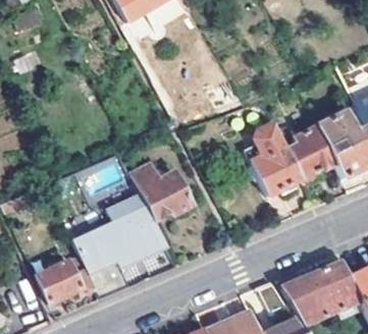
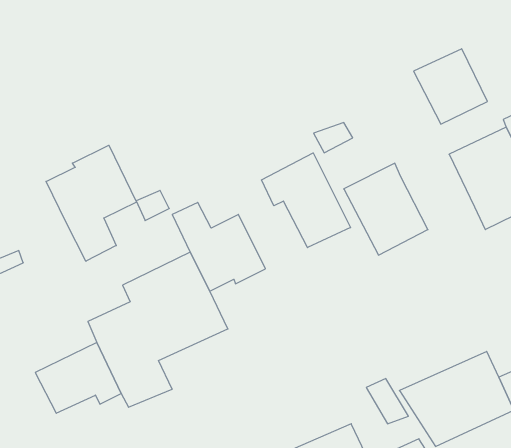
building: none -> [46,145,137,261]
building: none -> [261,153,351,248]
building: [283,127,333,178] -> [414,49,487,124]

